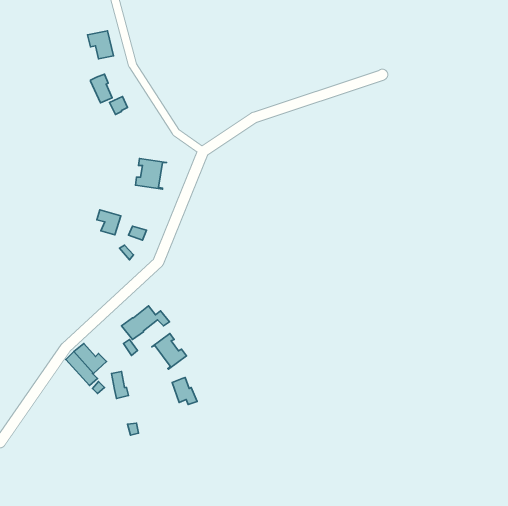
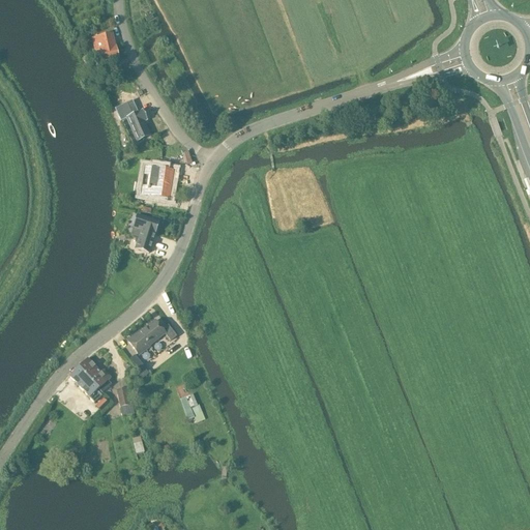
building: [90,74,112,103] -> [127,109,150,139]
building: [97,210,121,235] -> [135,213,159,239]
building: [152,334,186,369] -> none

